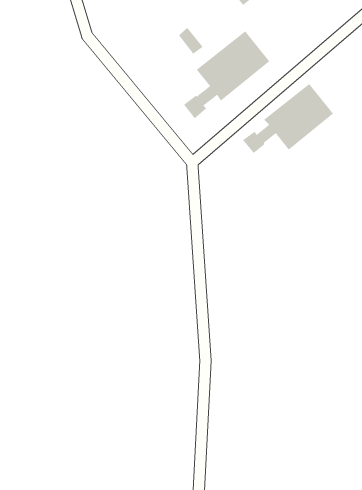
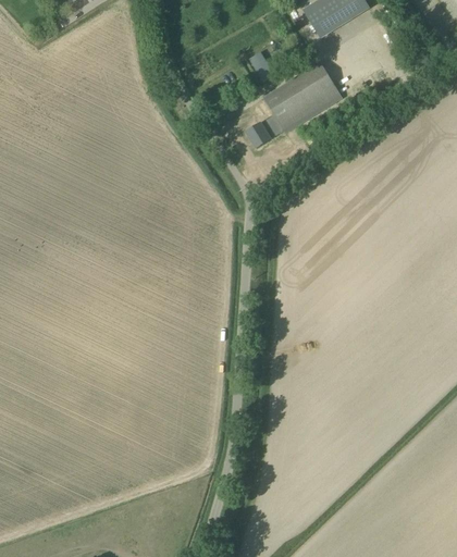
building: [242,83,334,154] -> none

